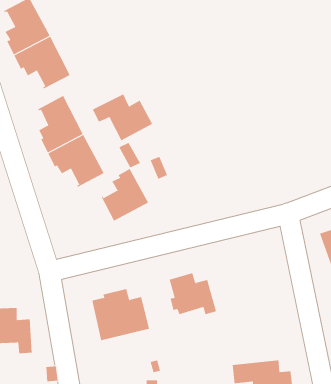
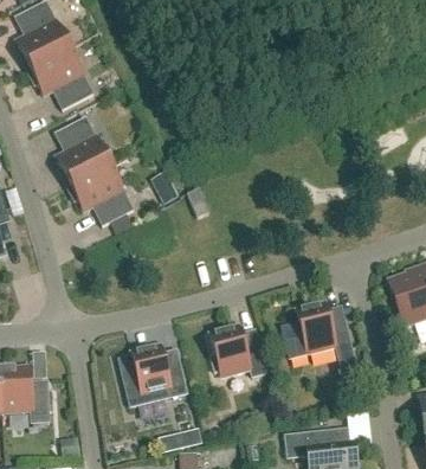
building: [92,94,153,141] -> none
building: [101,168,149,221] -> none
building: none -> [280,302,356,370]

